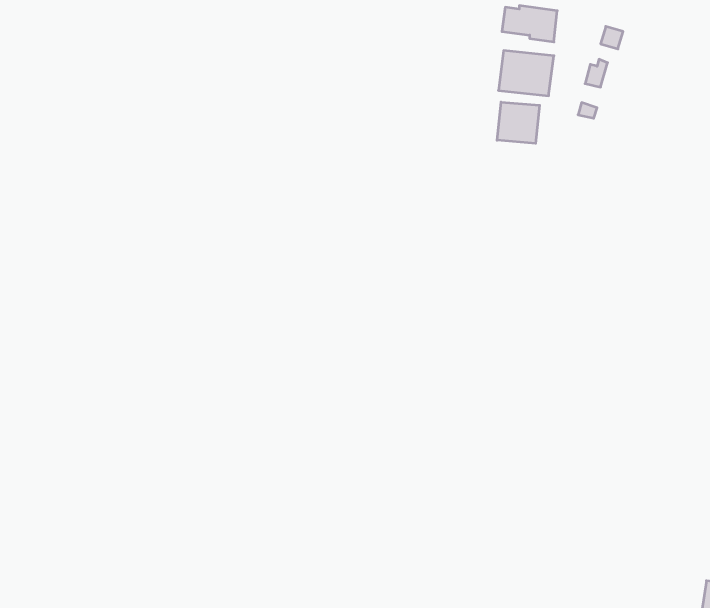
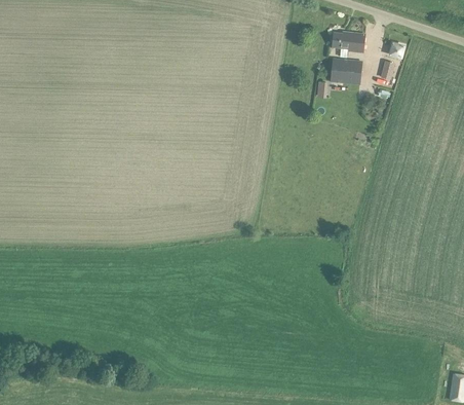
building: [497,102,540,143] -> none

